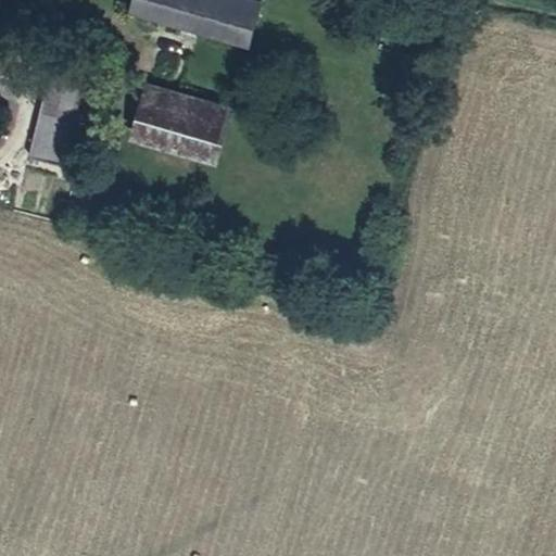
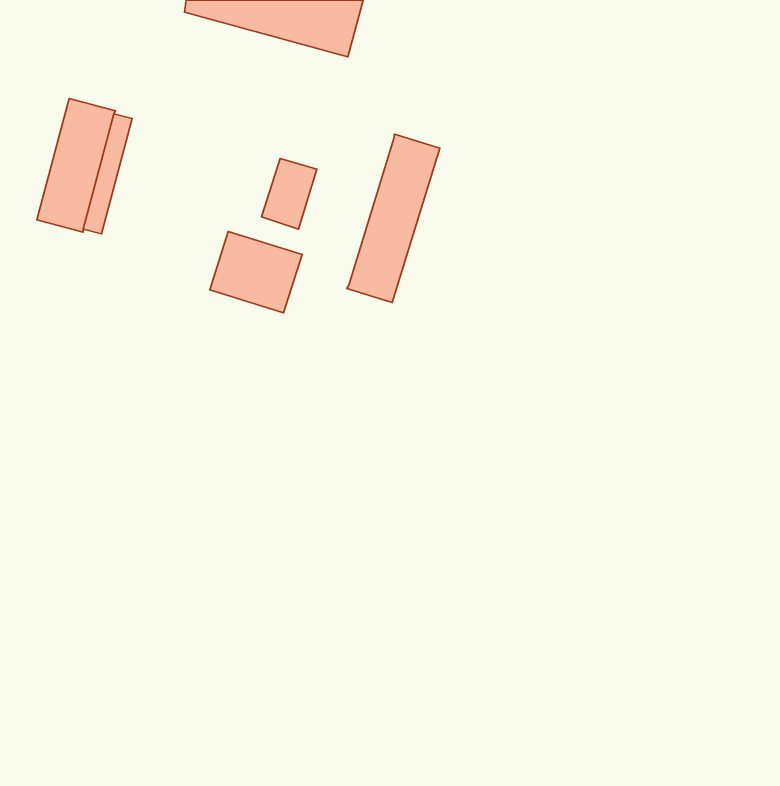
building: none -> [347,134,440,302]
building: [132,96,198,153] -> [210,231,302,313]

